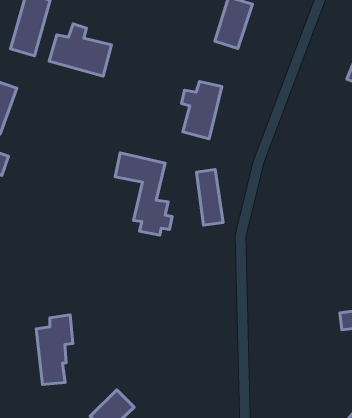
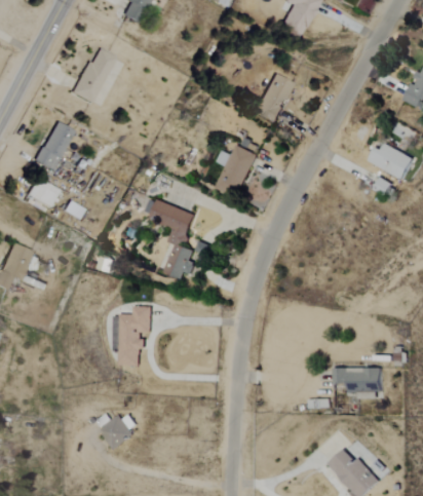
building: [49,24,111,76] -> none
building: [196,170,223,225] -> none
building: [36,315,73,384] -> [119,307,152,367]

